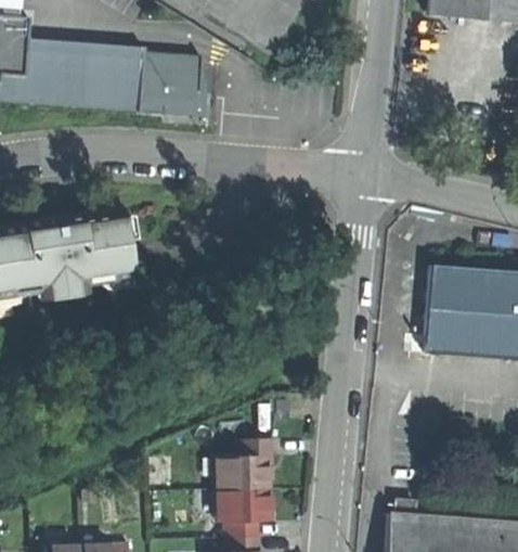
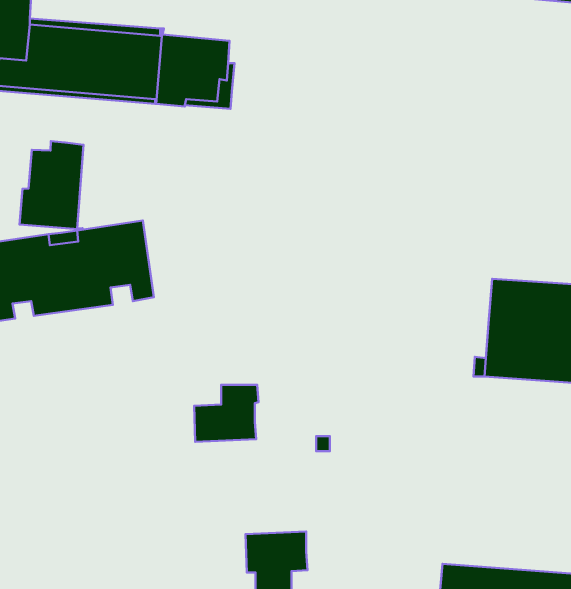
building: none -> [20,141,83,230]
building: [216,438,272,488] -> [194,385,258,442]

